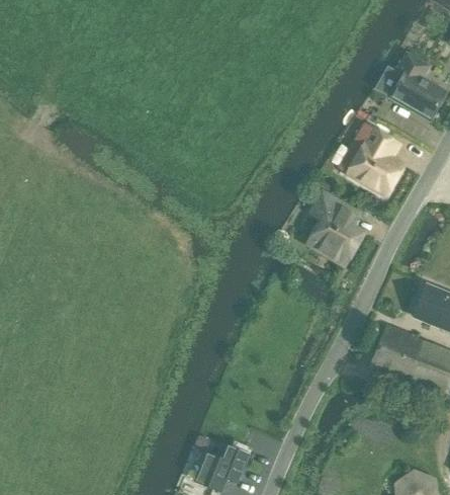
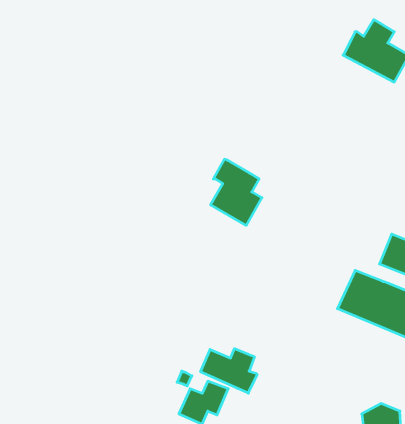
building: [339,122,403,194] -> none
building: [307,192,363,264] -> [211,159,262,225]
building: none -> [201,349,257,393]

